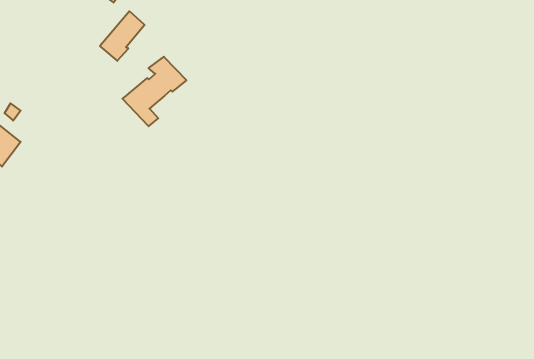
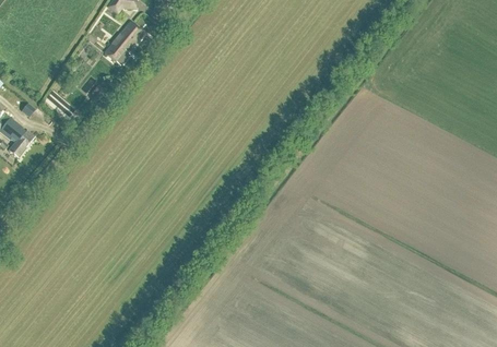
building: [122,57,186,126] -> none

